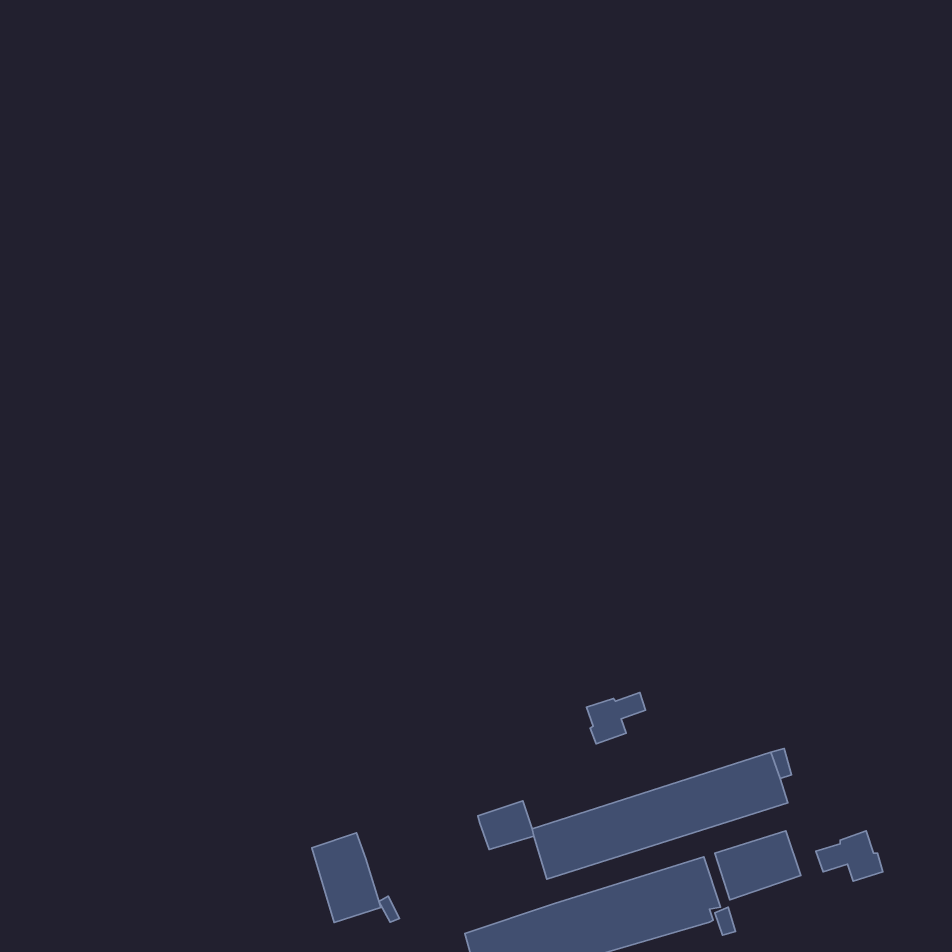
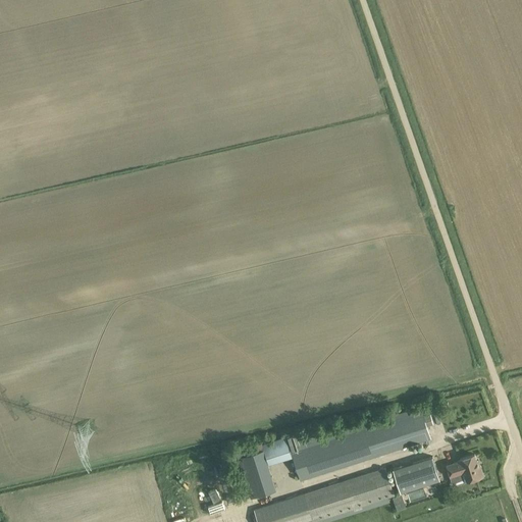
building: [587,692,645,744] -> none
building: [312,833,381,922] -> [238,451,275,500]

